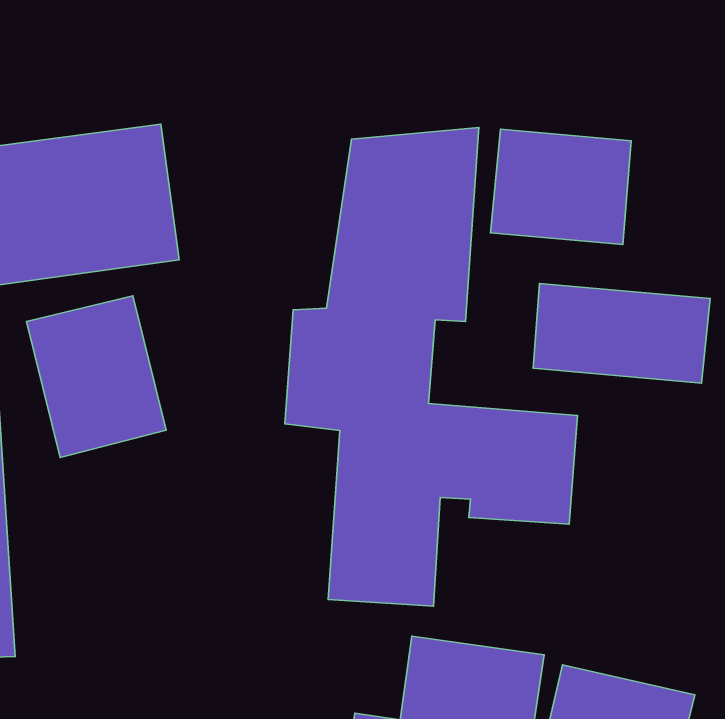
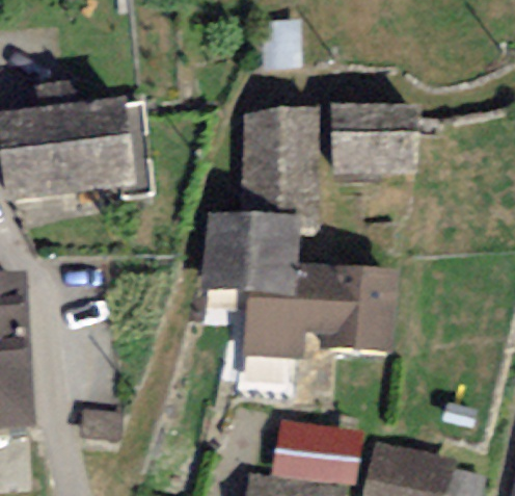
building: [533,283,710,383] -> none
building: [26,296,166,457] -> none

